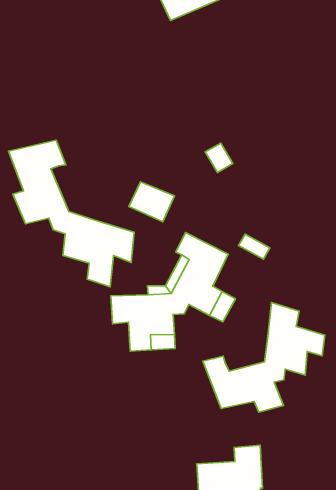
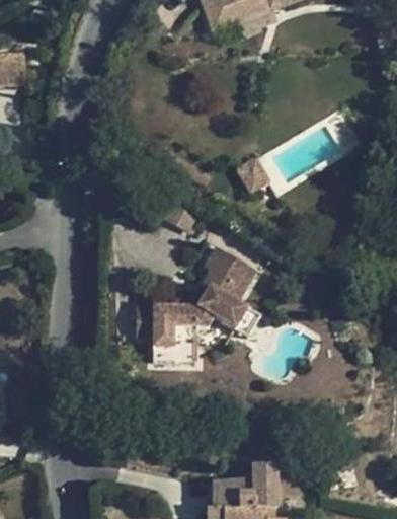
building: [9,140,134,287] -> none
building: [203,302,325,412] -> none

